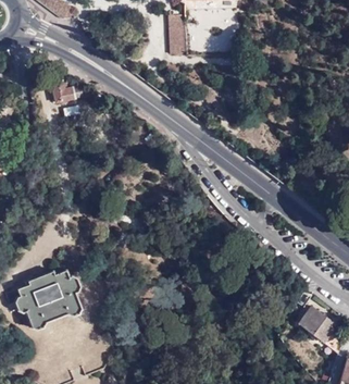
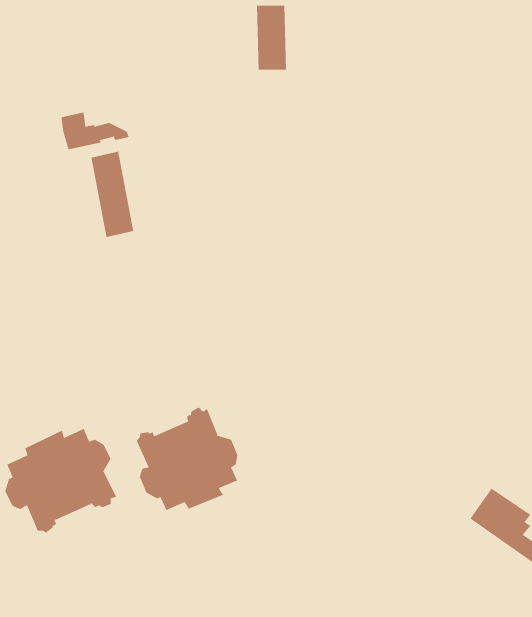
building: none -> [91,151,134,238]
building: none -> [136,407,238,511]

